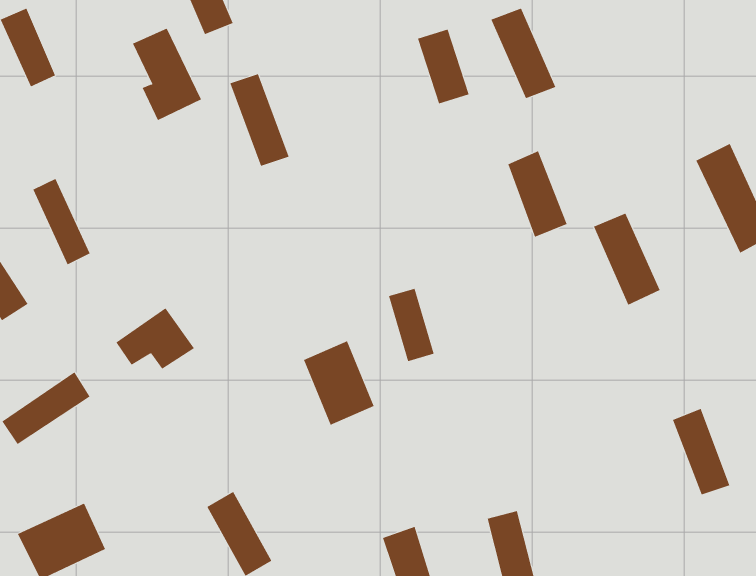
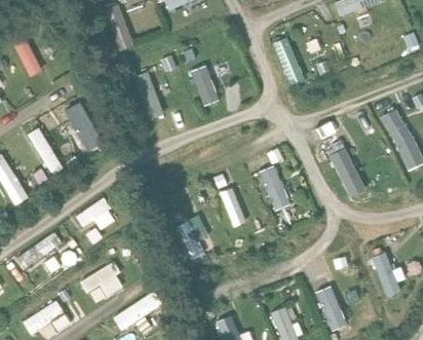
building: [132,28,202,121] -> [69,105,106,154]
building: [417,29,469,104] -> [193,66,221,106]
building: [507,151,567,238] -> [257,162,289,209]
building: none -> [78,263,123,295]
building: none -> [314,284,343,329]

